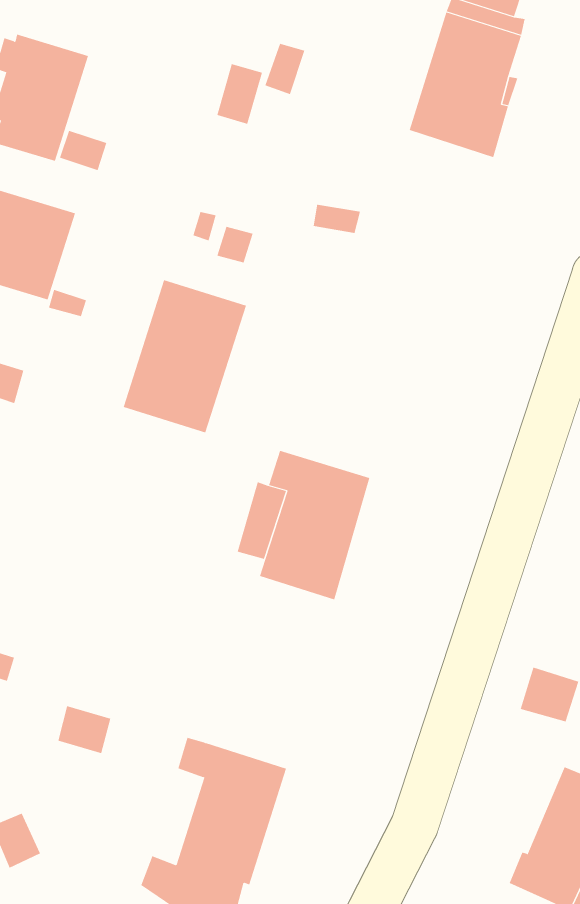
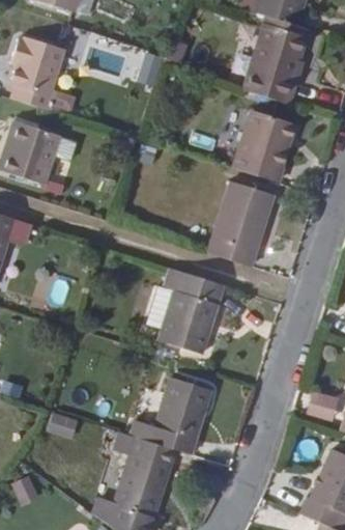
building: none -> [232,110,296,183]
building: [123,280,247,433] -> [205,182,275,268]
building: none -> [131,376,210,452]

